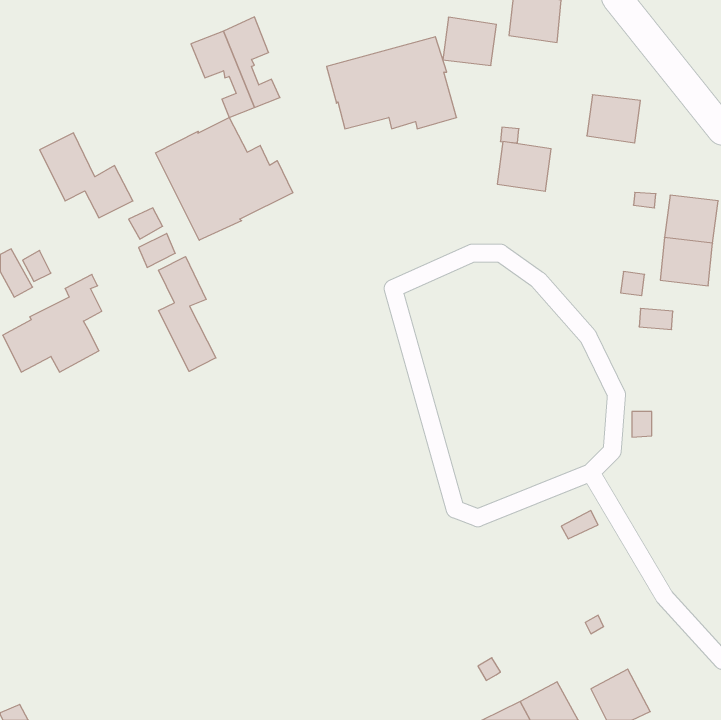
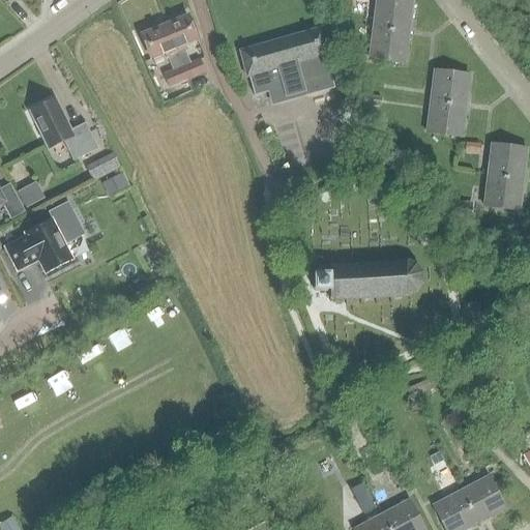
building: [443,17,496,65] -> [370,26,409,61]
building: [156,117,293,240] -> none
building: [497,142,551,191] -> [426,99,466,136]
building: [159,257,216,371] -> none
building: none -> [314,260,422,303]
building: none -> [461,475,505,521]

